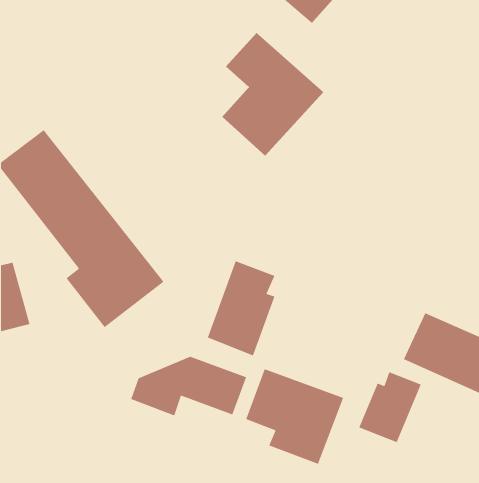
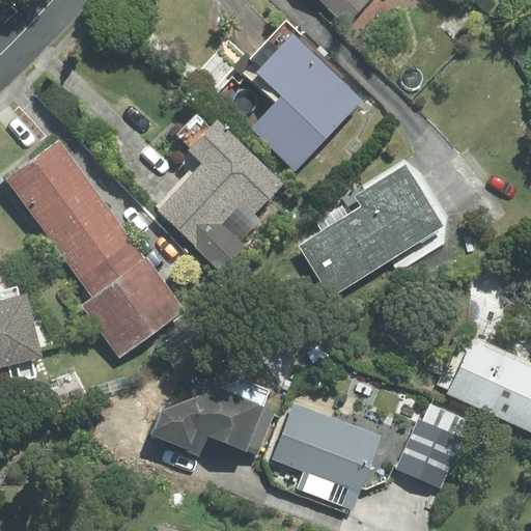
building: none -> [156,121,281,271]
building: none -> [298,166,440,297]
building: [207,260,276,356] -> none

